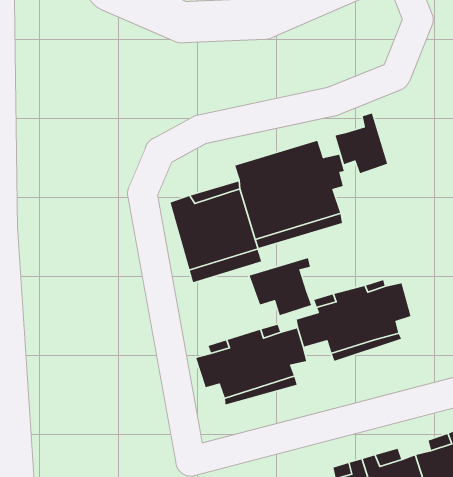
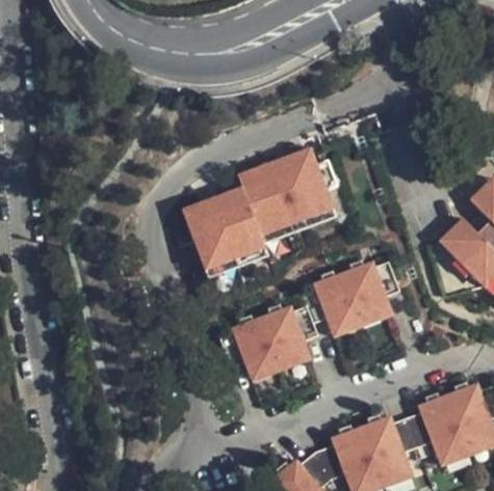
building: [334,112,388,174] -> none
building: [249,257,312,316] -> none

